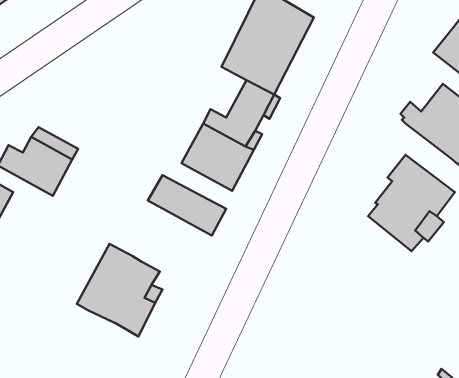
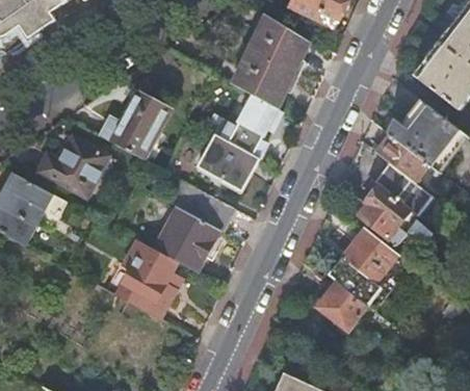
building: none -> [100,90,168,160]
building: none -> [376,135,429,182]
building: none -> [154,207,218,272]
building: none -> [346,228,399,283]
building: none -> [316,282,368,332]

